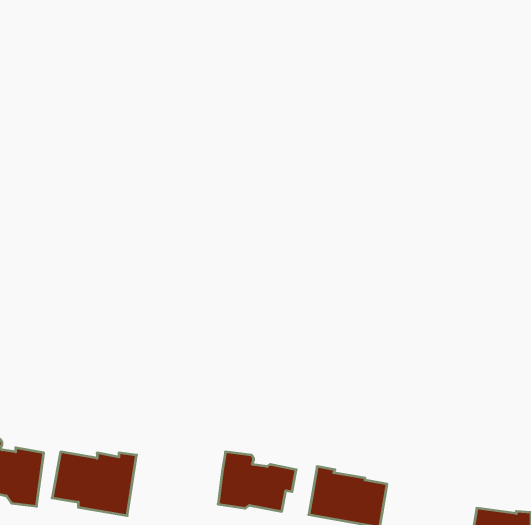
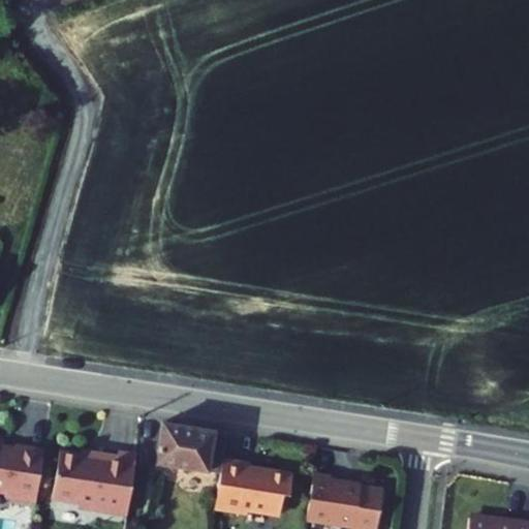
building: none -> [161,427,226,475]

